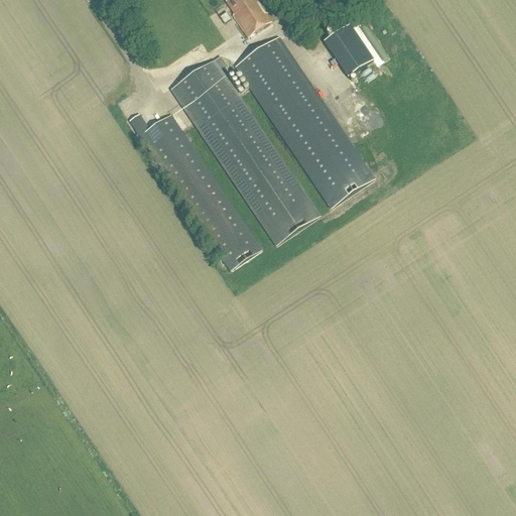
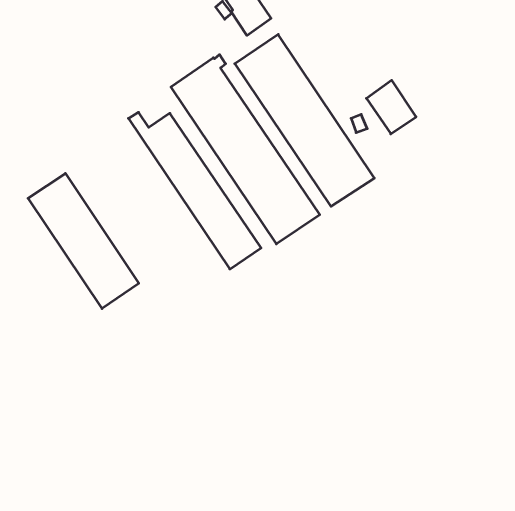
building: [322,21,372,75] -> [366,80,416,134]
building: none -> [28,173,139,309]

